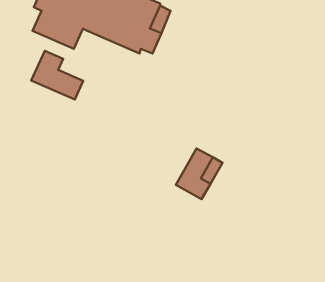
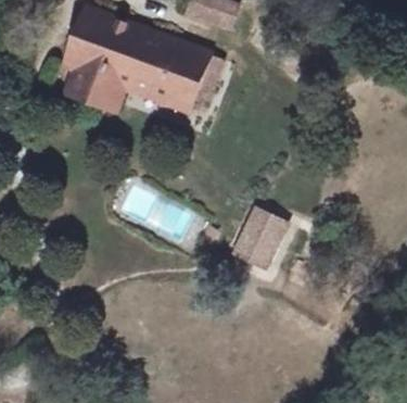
building: [31,51,83,99] -> none

